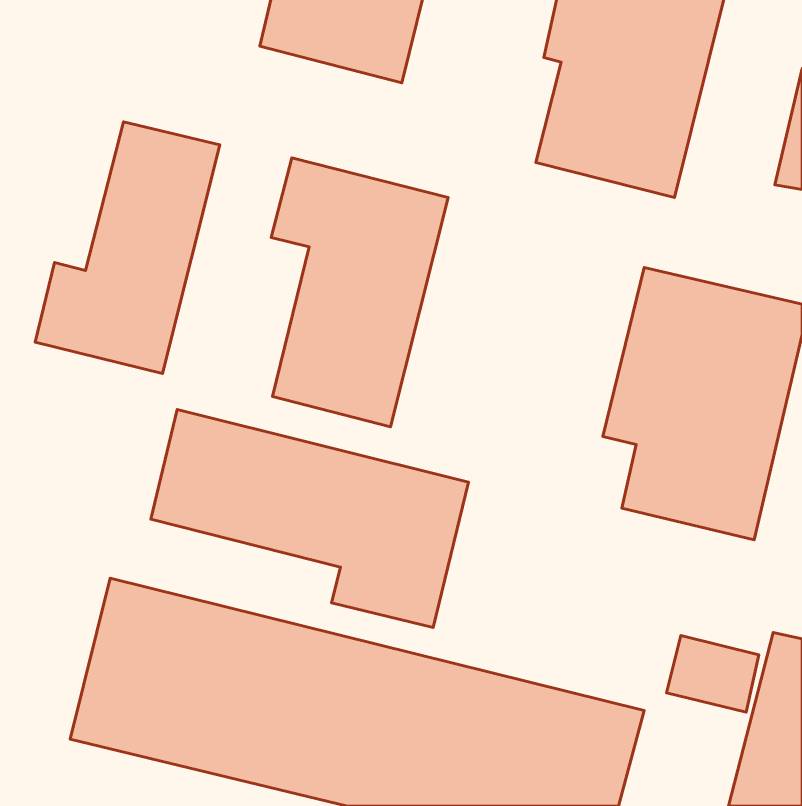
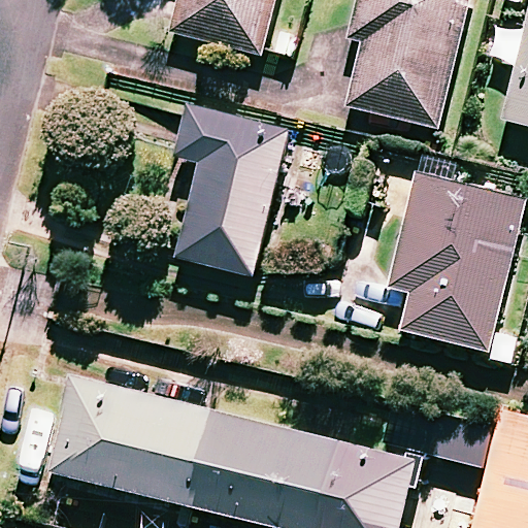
building: [35,122,220,373] -> none
building: [151,409,468,627] -> none

